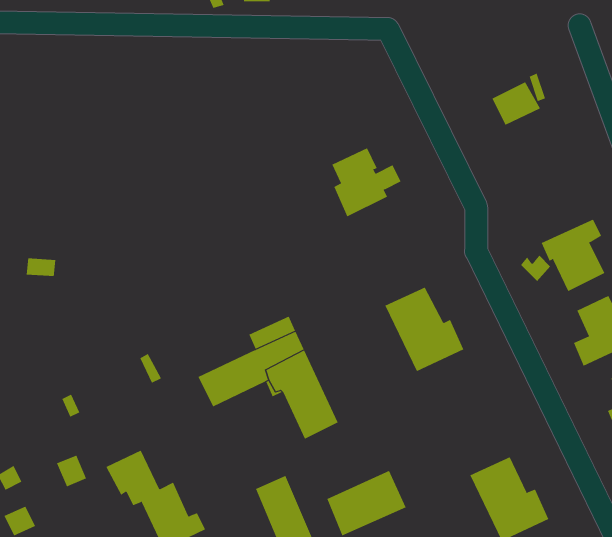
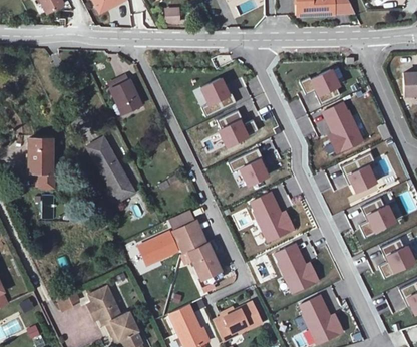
building: none -> [200,78,236,116]
building: none -> [109,79,140,113]
building: none -> [322,101,365,154]
building: none -> [84,135,132,201]
building: none -> [27,137,51,170]
building: none -> [227,147,270,189]
building: none -> [272,243,319,294]

